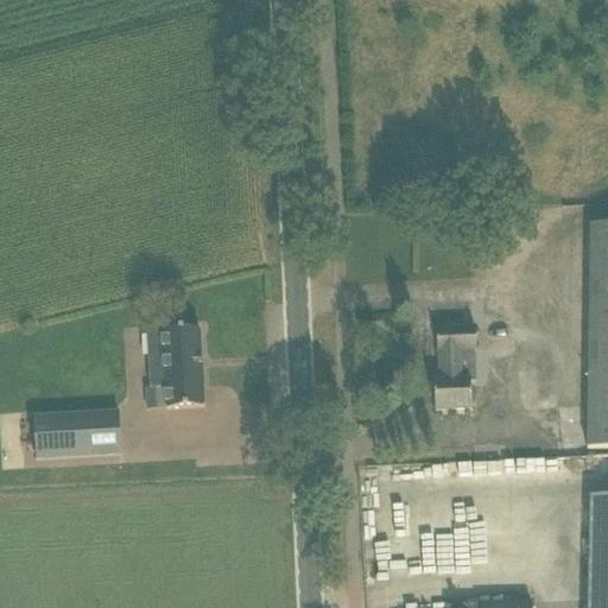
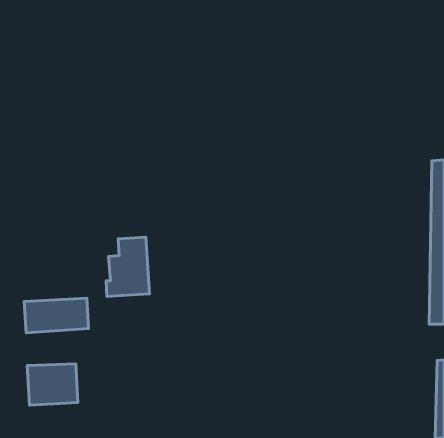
building: [433,322,479,405] -> none
building: none -> [27,364,78,405]

